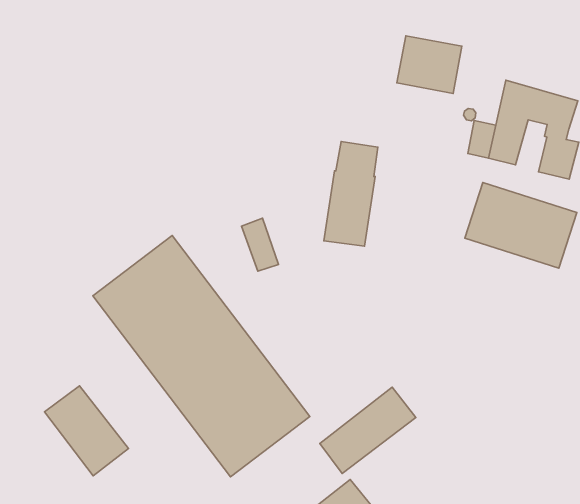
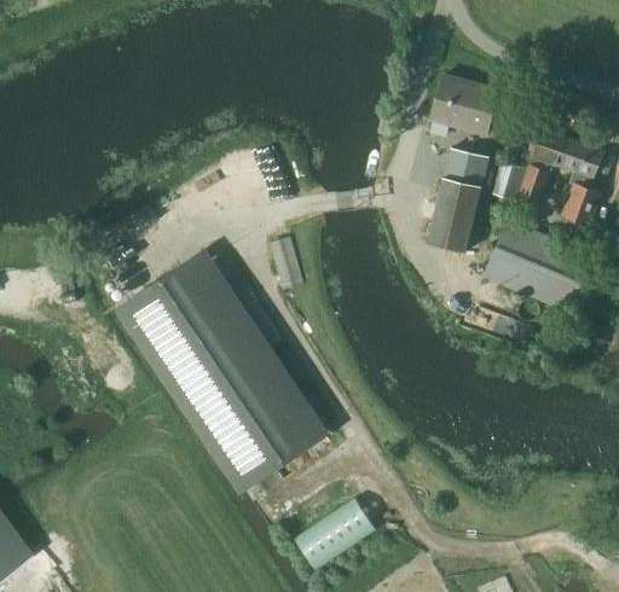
building: [324,141,378,246] -> [428,149,487,251]
building: [45,386,129,476] -> none
building: [320,387,416,474] -> none

